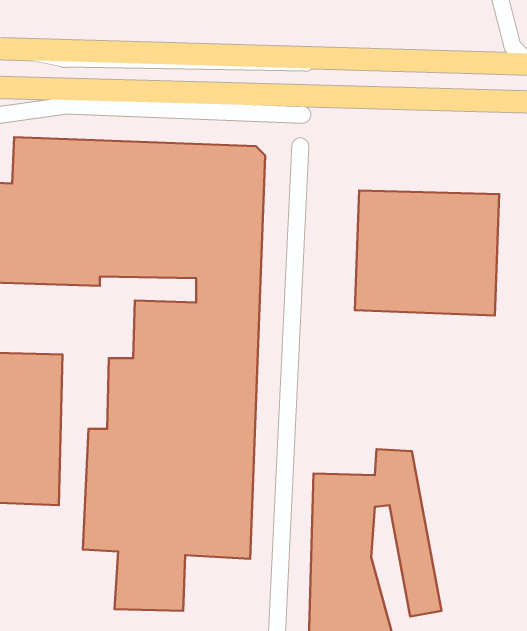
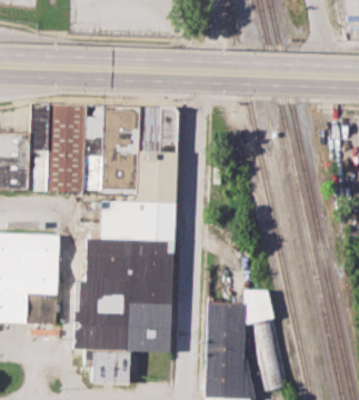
building: [355,190,499,315] -> none

